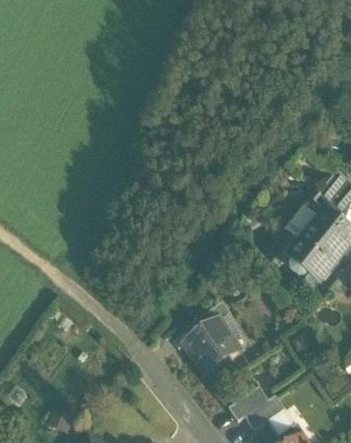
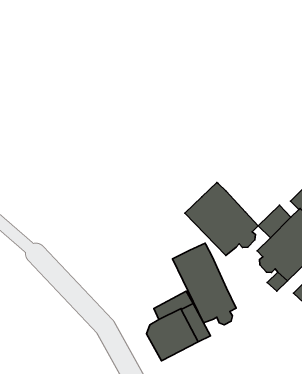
building: none -> [185,182,258,256]
building: none -> [172,243,236,325]

